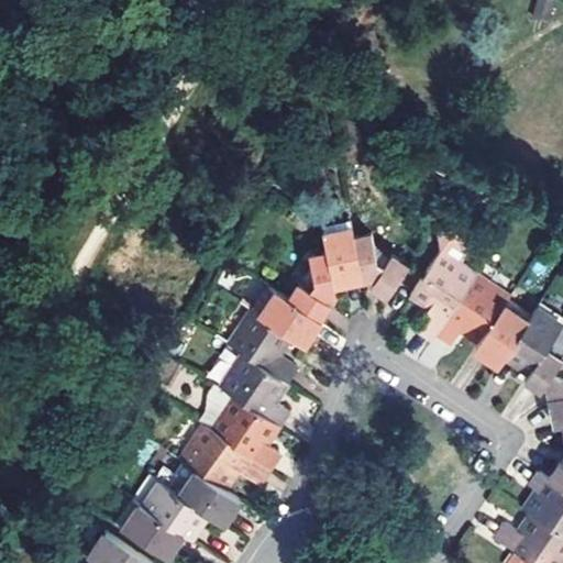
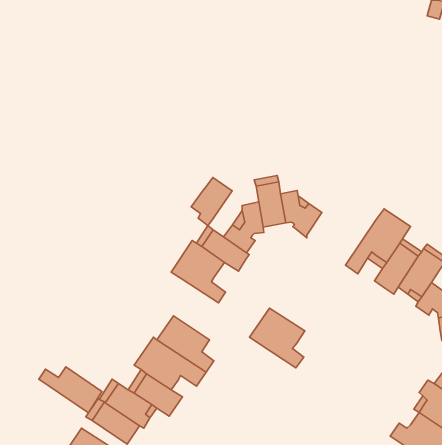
building: none -> [191,178,232,226]
building: [415,233,479,343] -> none
building: [212,355,282,430] -> [249,308,305,368]
building: none -> [39,367,102,413]

